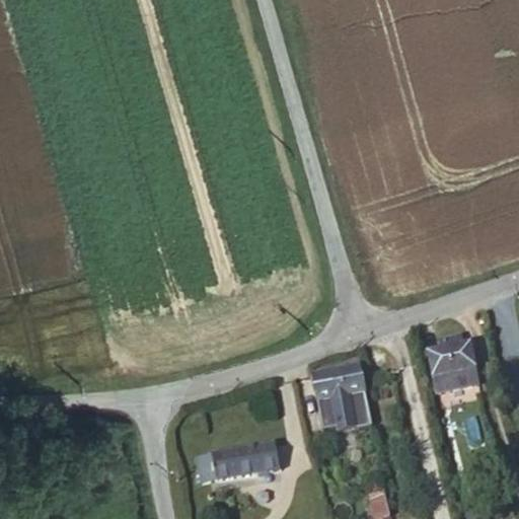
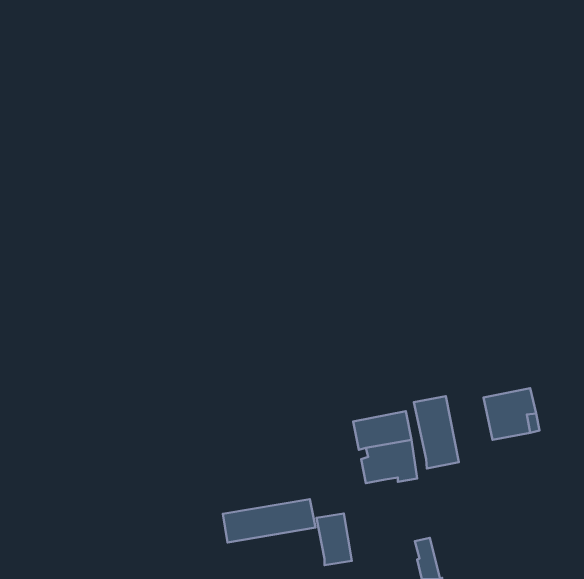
building: none -> [414,396,459,468]
building: none -> [317,513,352,565]

